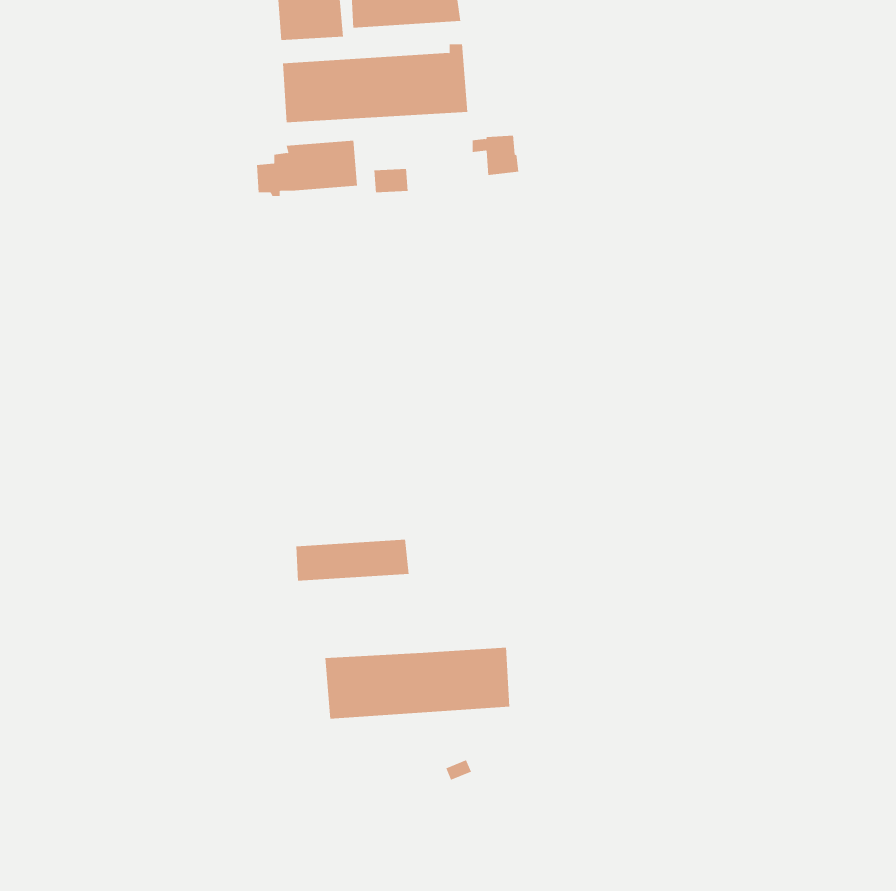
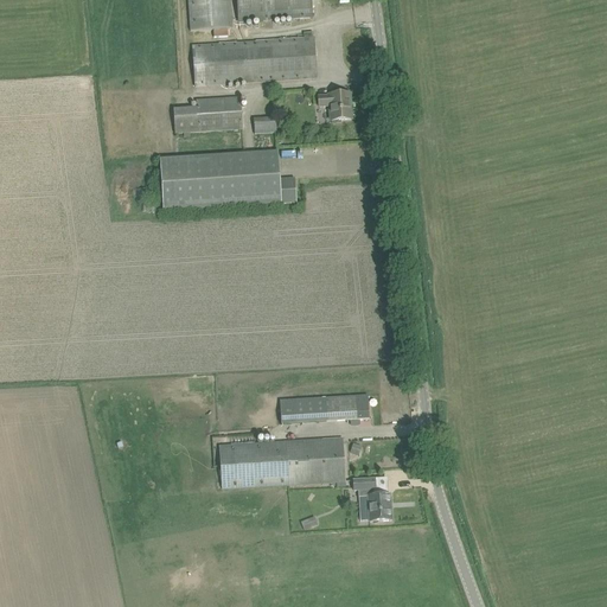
building: none -> [160,149,296,209]
building: [295,539,409,581] -> [280,394,357,422]
building: none -> [353,477,391,519]

